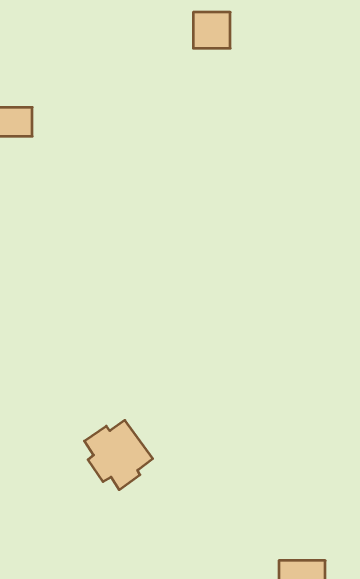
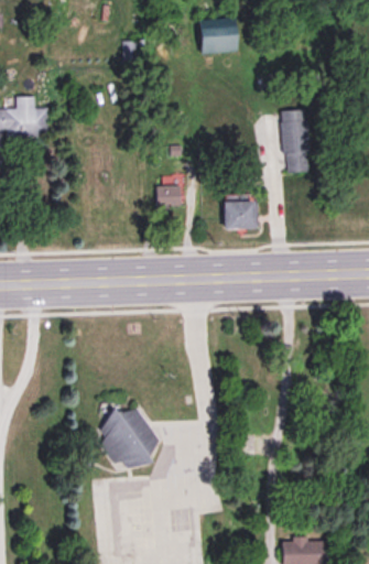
building: none -> [282,109,310,172]
building: none -> [158,185,181,206]
building: none -> [224,199,258,227]

